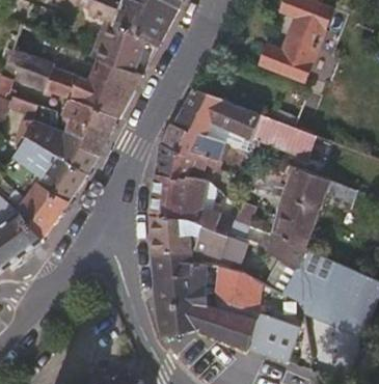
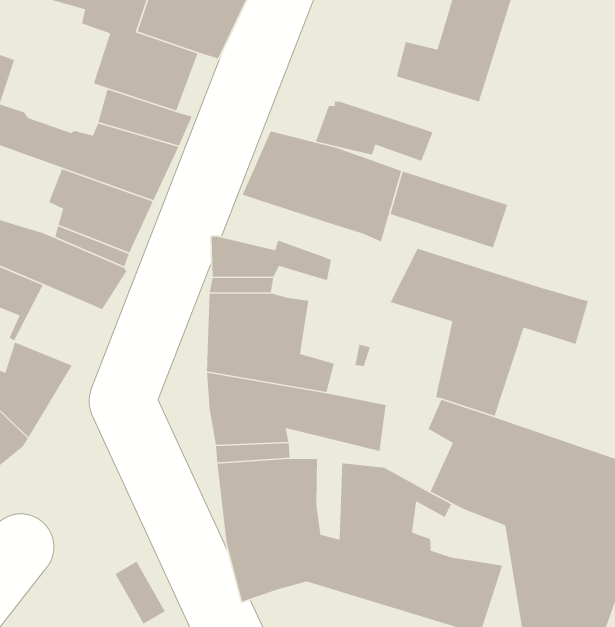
building: [158,118,221,154] -> [315,101,434,162]
building: [47,159,94,202] -> none

